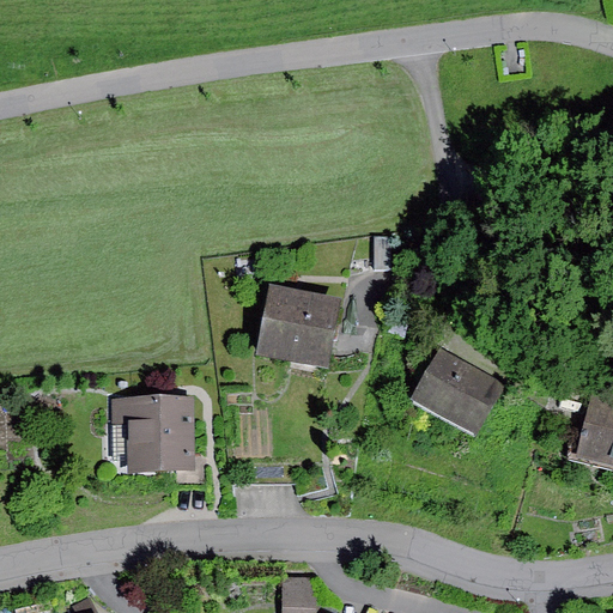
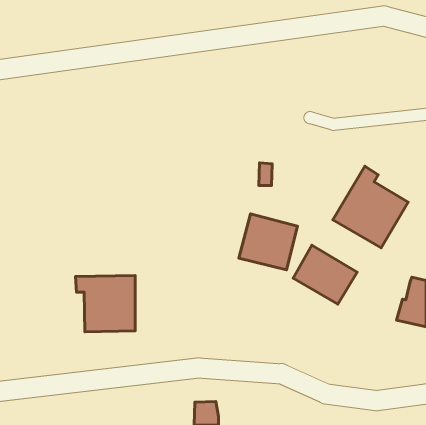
building: none -> [333,166,408,248]
building: [260,289,344,369] -> [239,214,298,270]

